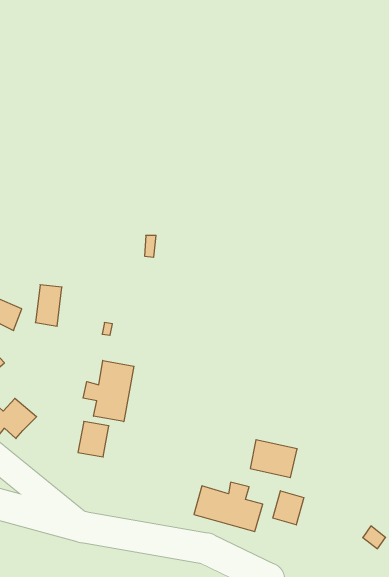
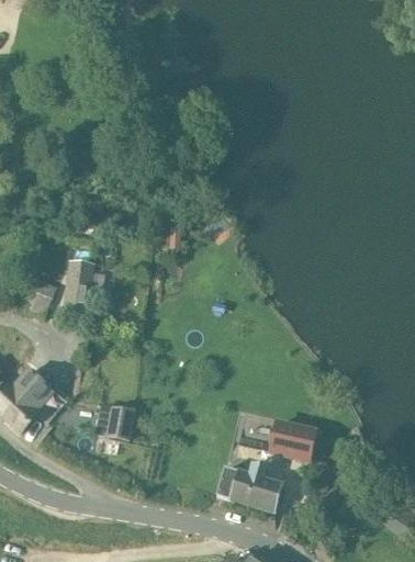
building: [83,360,134,422] -> none
building: [273,491,304,525] -> none

